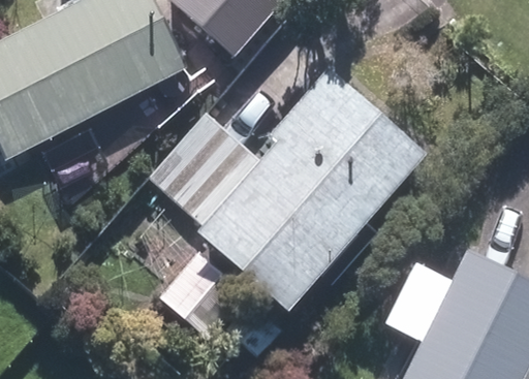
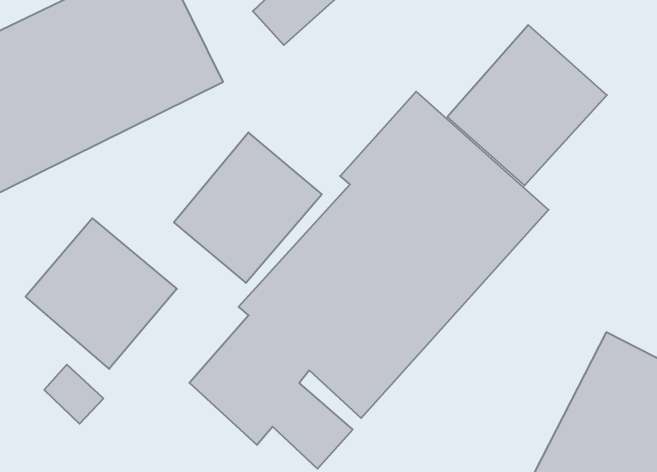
building: none -> [447,25,607,186]
building: none -> [26,218,177,369]

